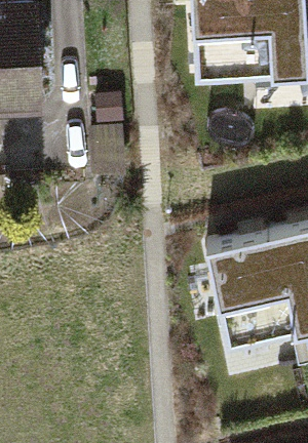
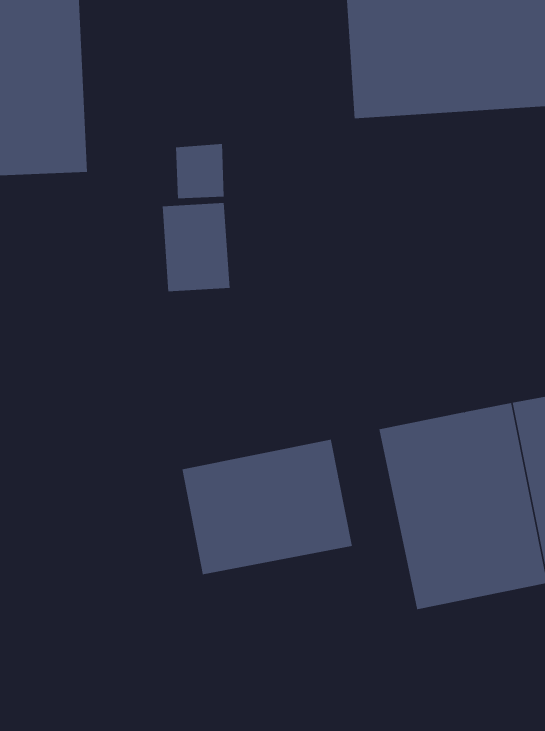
building: none -> [182,439,353,575]

